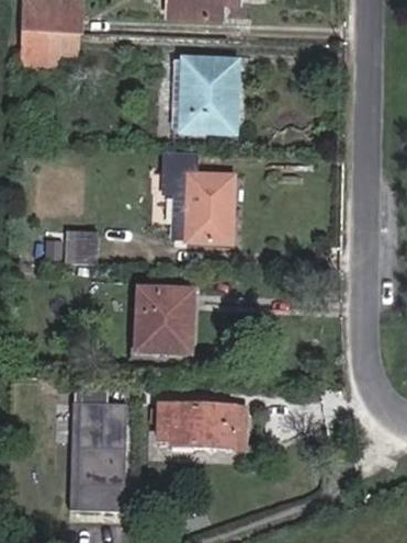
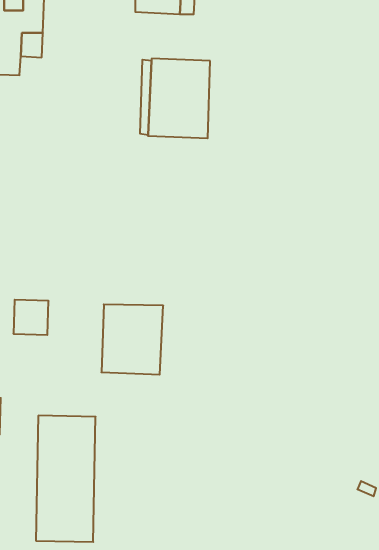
building: [163,151,233,241] -> none
building: [65,229,98,262] -> [13,300,49,335]
building: [157,404,245,448] -> none

